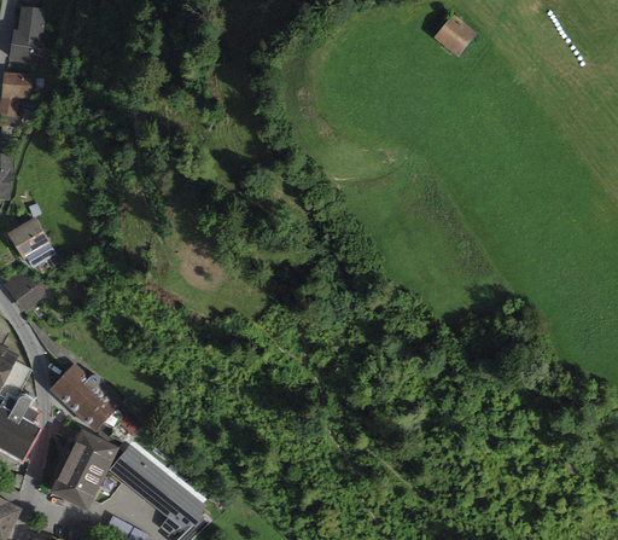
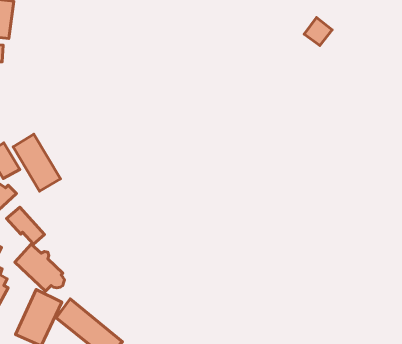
building: [437,13,478,54] -> [304,17,332,46]
building: none -> [13,134,61,191]
building: none -> [7,207,45,244]

